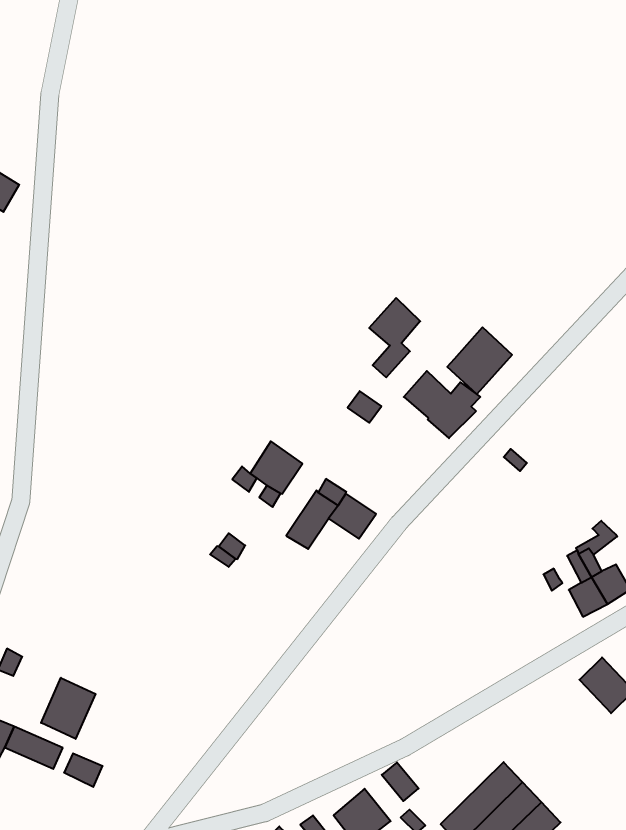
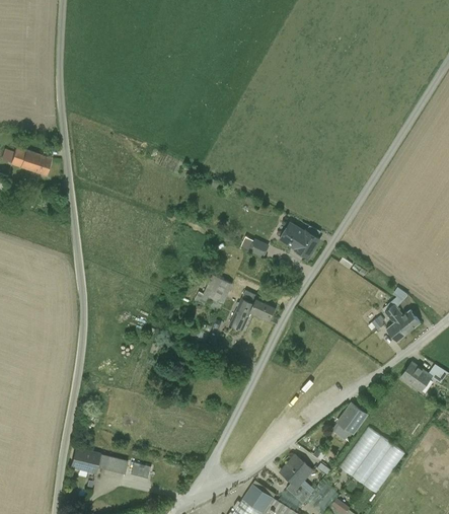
building: [369,298,420,377] -> none
building: [447,327,512,394] -> none
building: [41,678,96,739] -> none
building: none -> [339,405,366,433]

